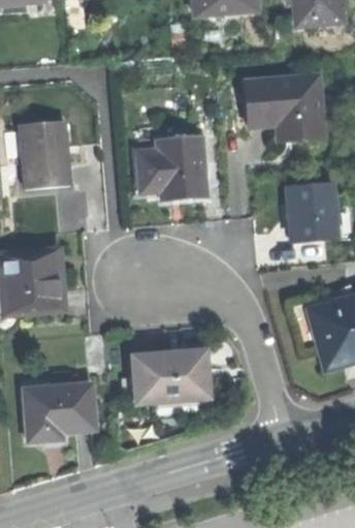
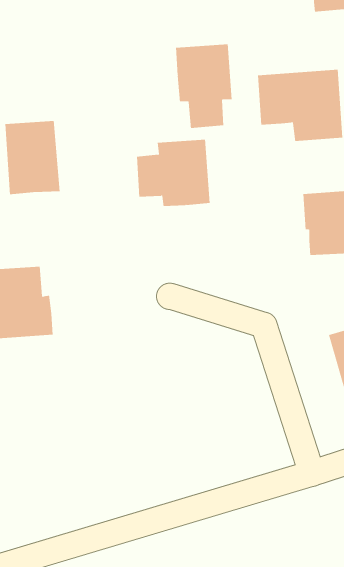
building: none -> [176,43,232,129]
building: [133,350,209,404] -> none
building: [25,387,97,443] -> none

